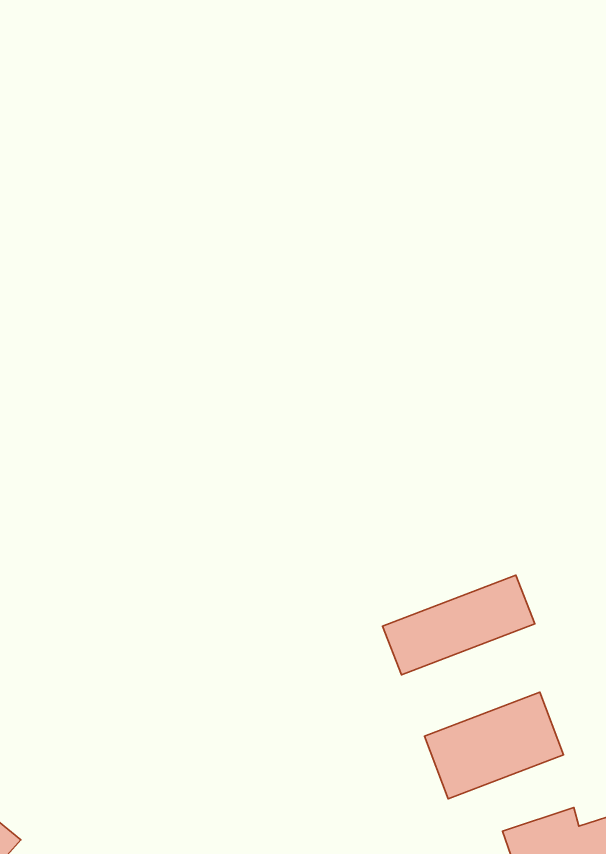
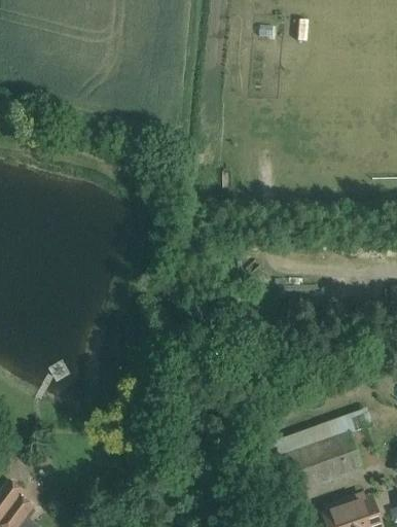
building: [383,575,535,675] -> none

